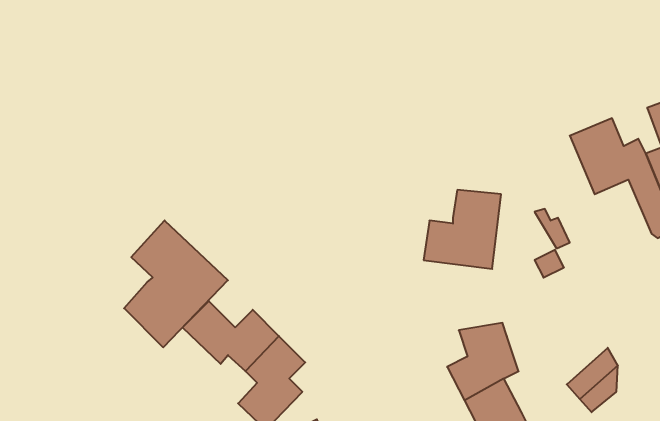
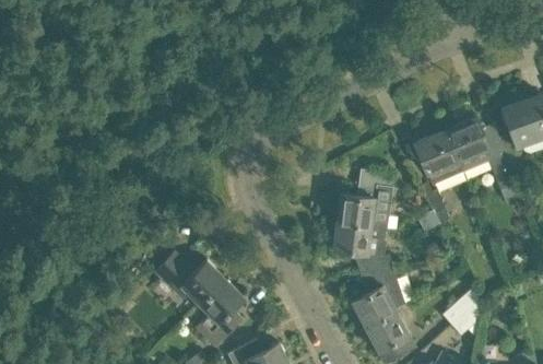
building: none -> [412,129,462,186]
building: [124,220,228,347] -> none
building: none -> [331,222,393,274]

